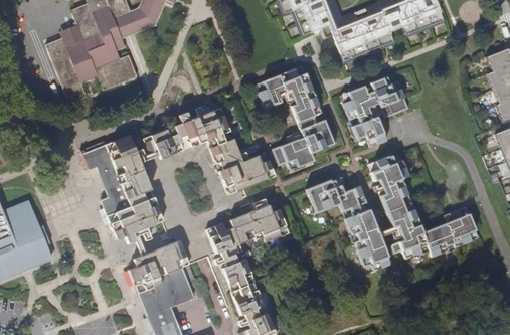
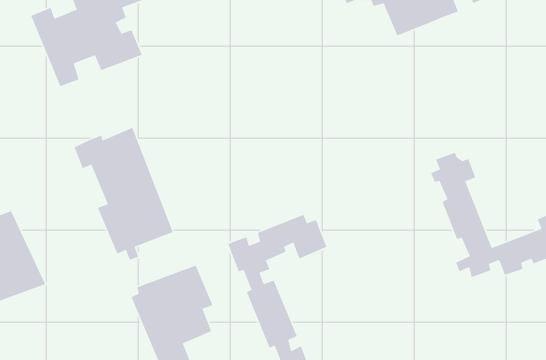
building: [256,64,333,168] -> none
building: [340,75,408,145] -> none
building: [143,106,274,192] -> none
building: [307,179,390,269] -> none

